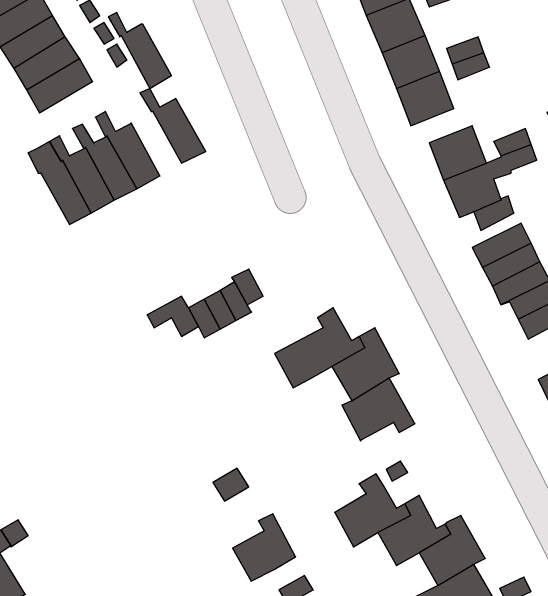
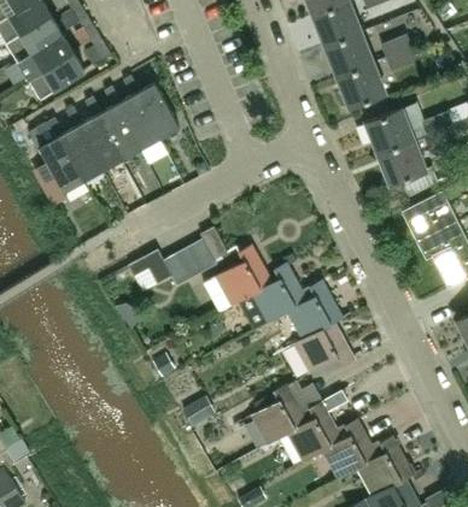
building: [108,13,171,89] -> [104,87,157,151]
building: none -> [203,246,269,311]
building: [233,514,296,581] -> [251,387,304,443]

